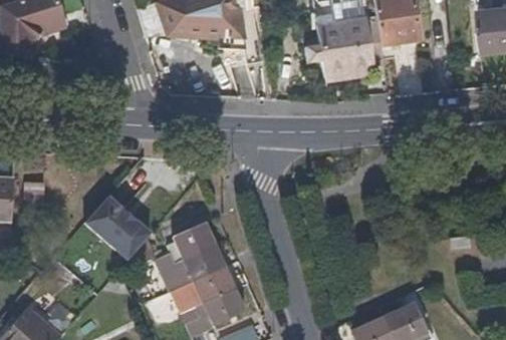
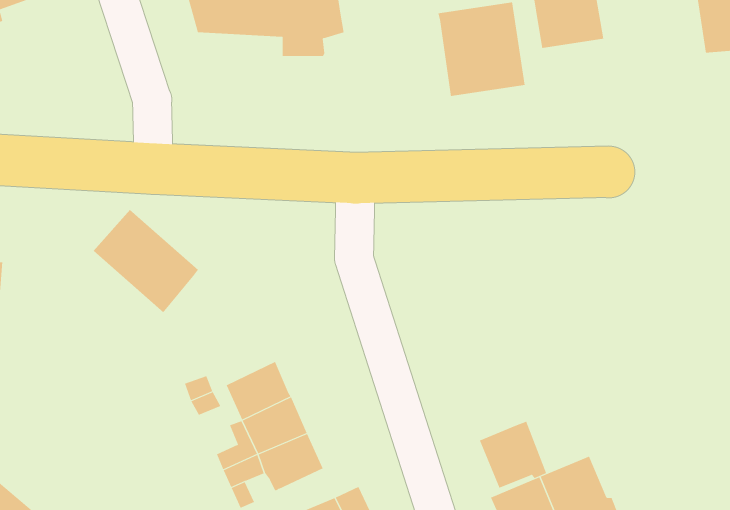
building: [84,194,151,259] -> [93,209,199,313]
building: [173,222,214,258] -> none
building: none -> [479,421,547,489]

